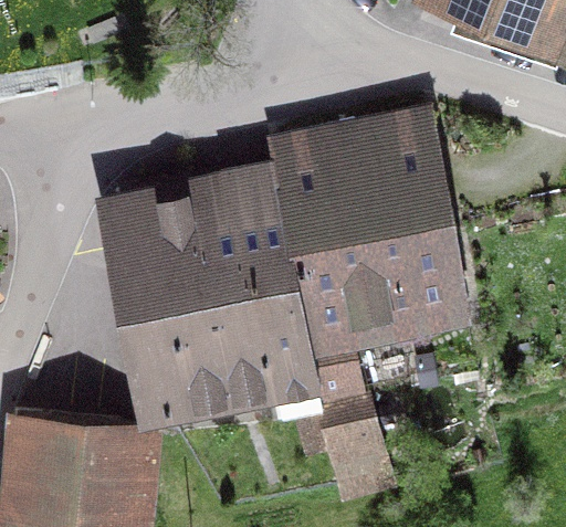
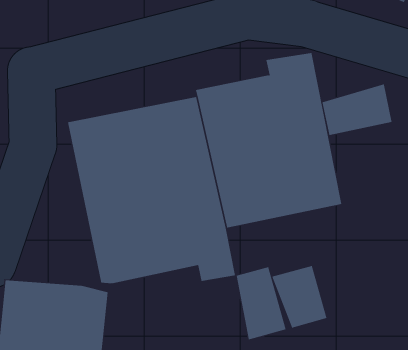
building: none -> [322,84,392,136]
building: none -> [272,265,327,328]

